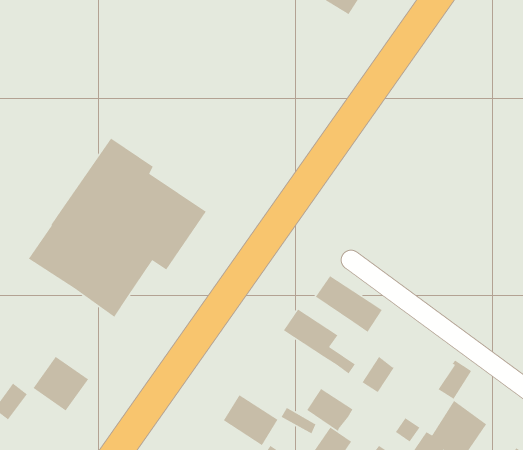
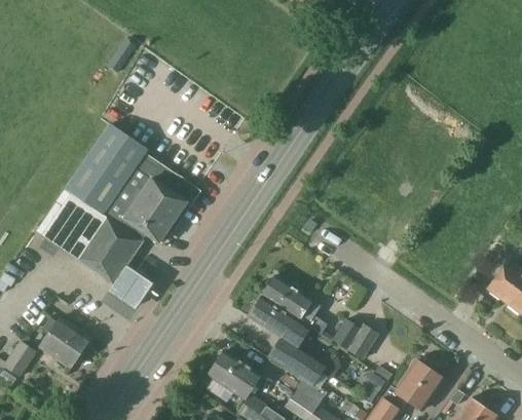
building: [315,275,383,333] -> [249,295,309,346]
building: none -> [109,265,153,310]
building: [438,359,472,400] -> [347,322,378,358]

